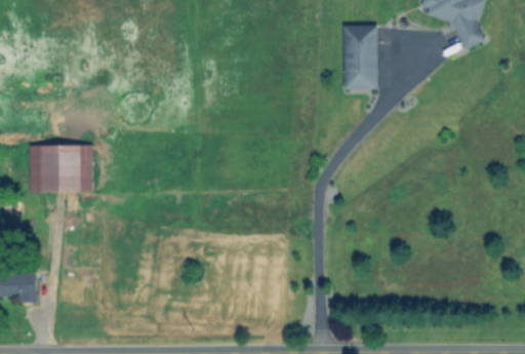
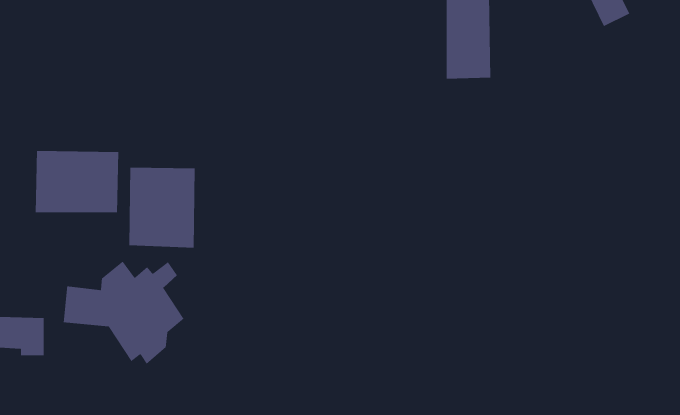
building: none -> [128,167,195,248]
building: none -> [63,260,184,365]

